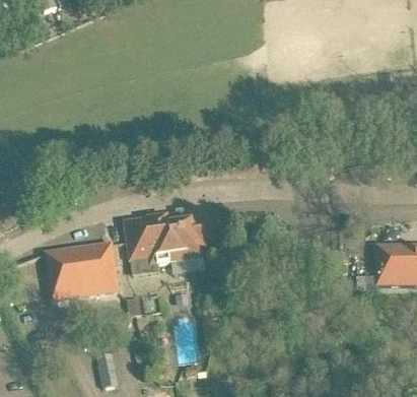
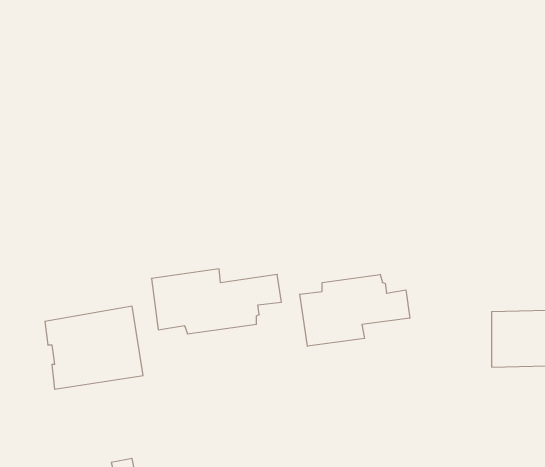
building: none -> [300,274,410,346]

